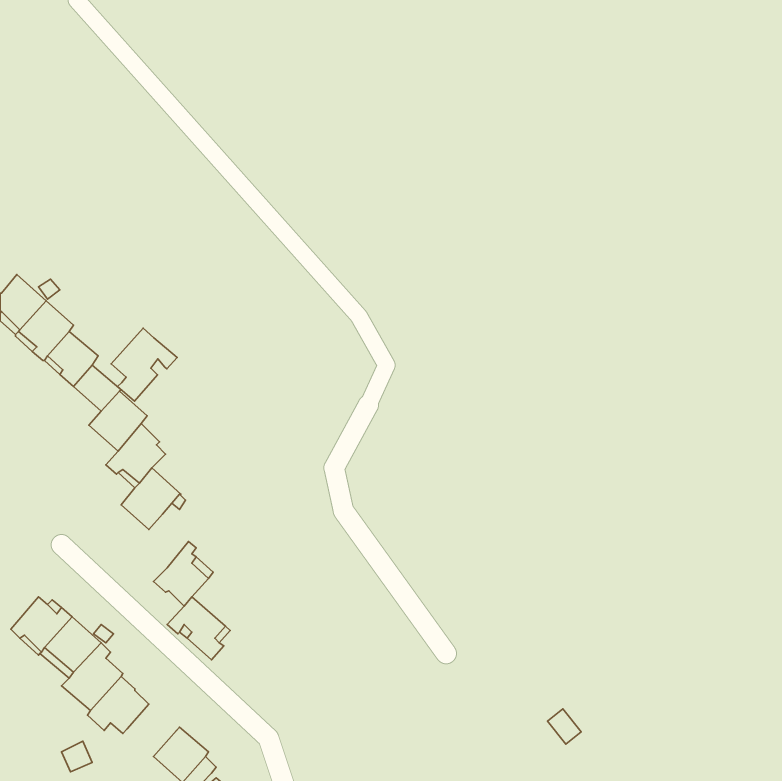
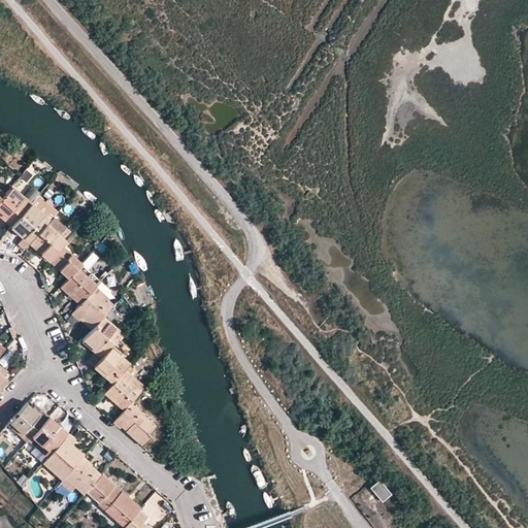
building: [111,328,177,401] -> none
building: none -> [94,348,130,384]
building: none -> [87,473,122,510]

